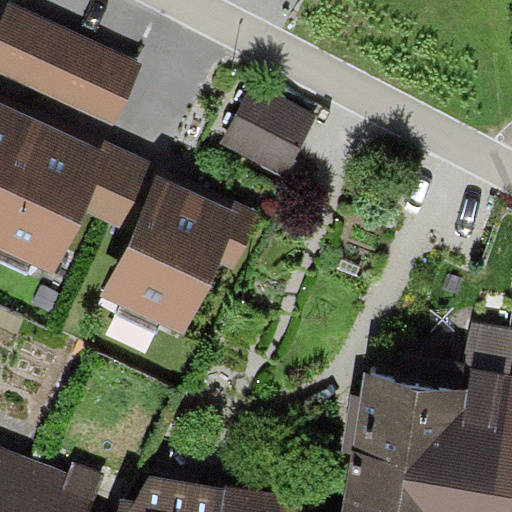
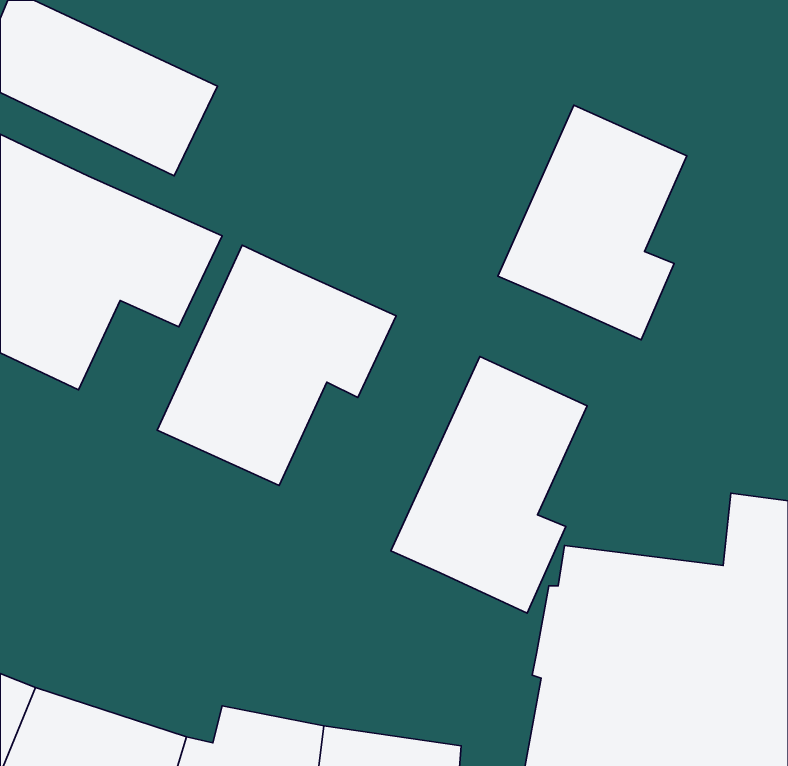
building: none -> [498,105,687,340]
building: [221,93,312,179] -> none
building: none -> [391,356,587,613]

